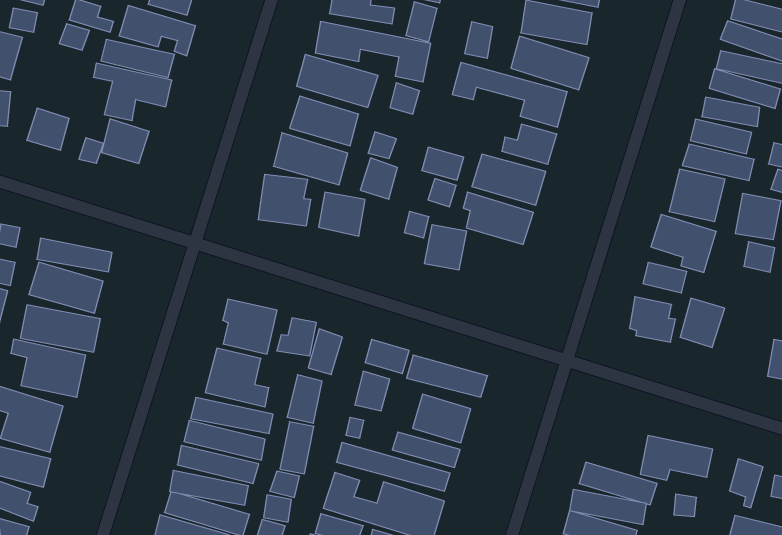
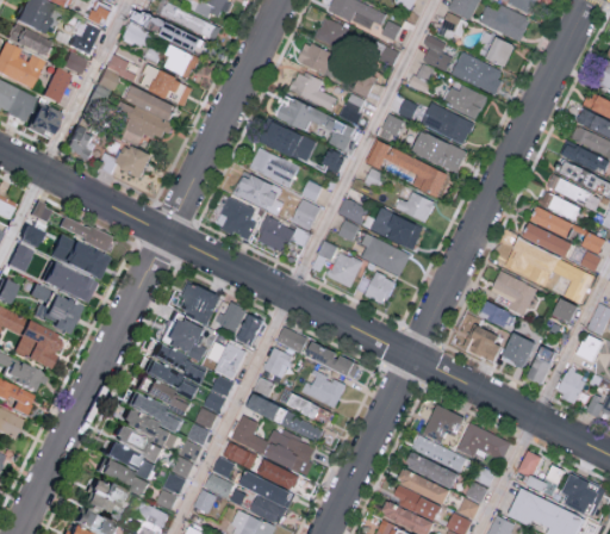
building: none -> [356,272,397,304]
building: none -> [525,346,556,384]
building: none -> [424,404,466,446]

